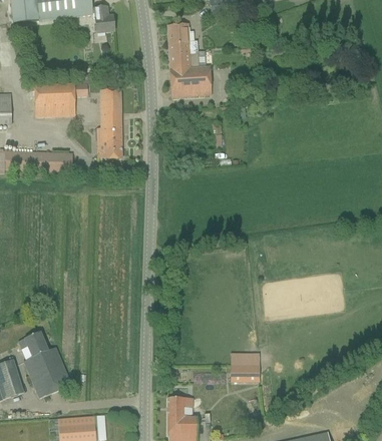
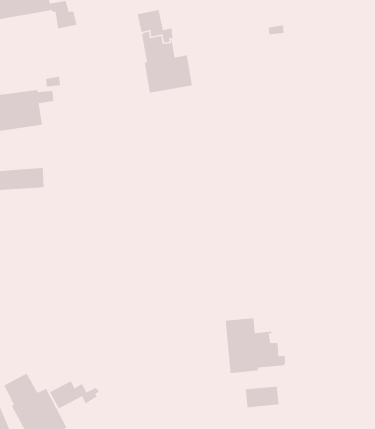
building: [97,89,122,158] -> none
building: none -> [225,317,286,374]
building: none -> [49,379,100,410]

